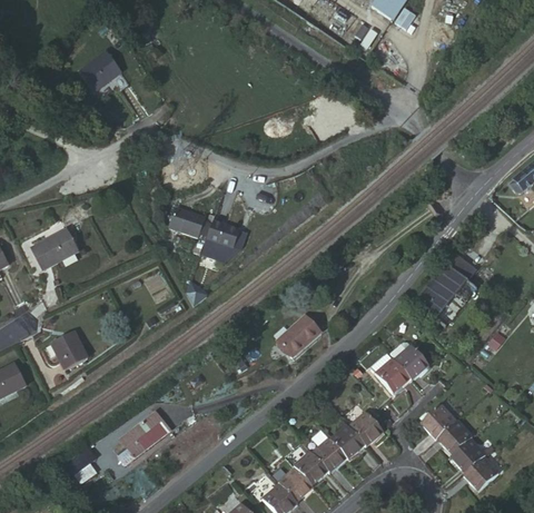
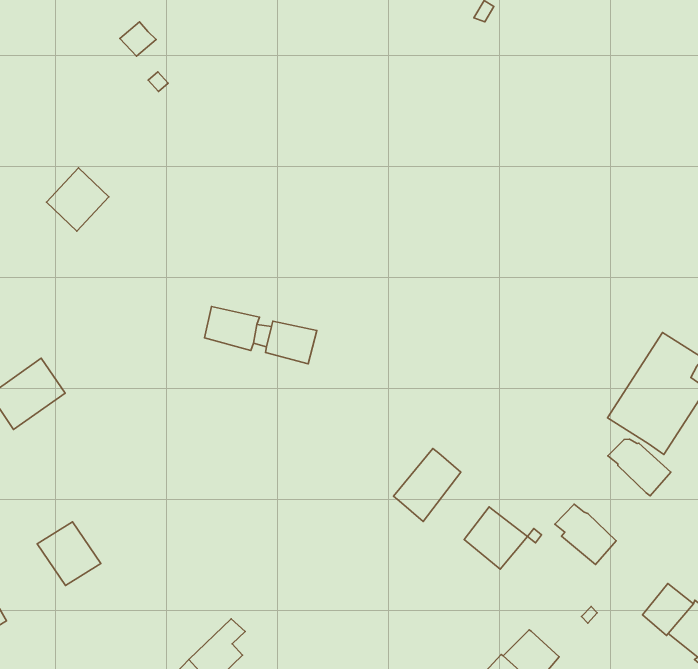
building: [81,57,120,96] -> [47,168,109,231]
building: [388,344,426,381] -> [608,439,671,496]
building: none -> [464,507,527,569]
building: [350,415,383,448] -> none

